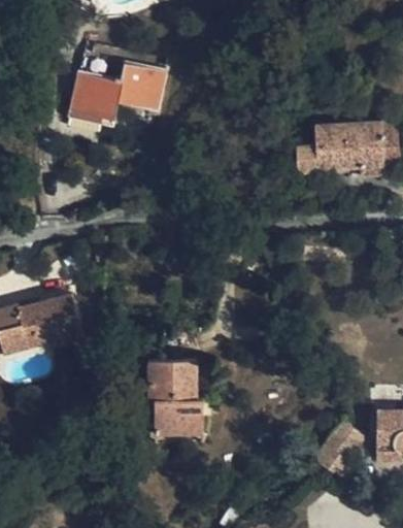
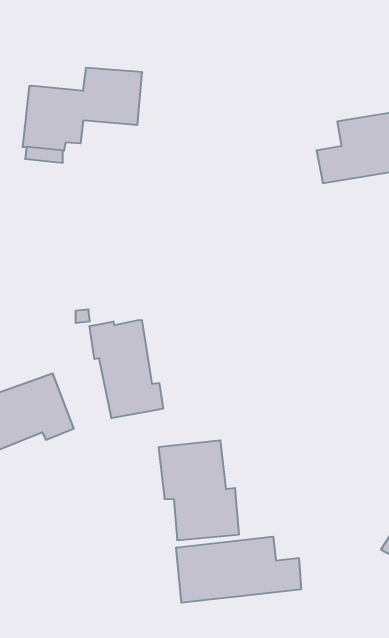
building: none -> [90,320,163,418]
building: none -> [176,537,301,603]

